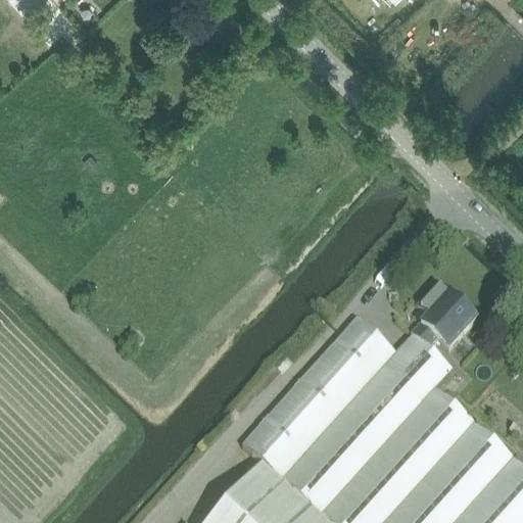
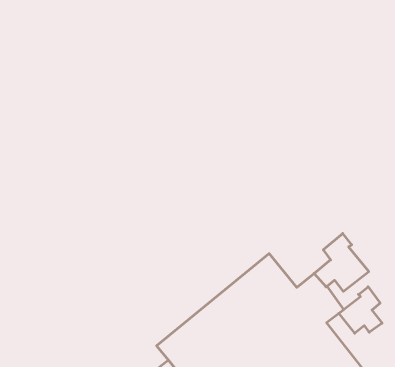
building: none -> [339,287,382,333]

